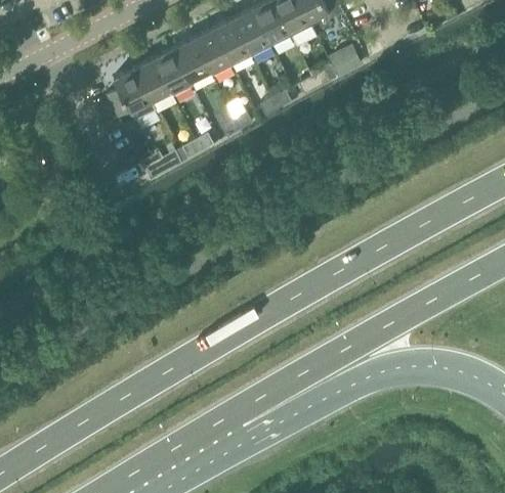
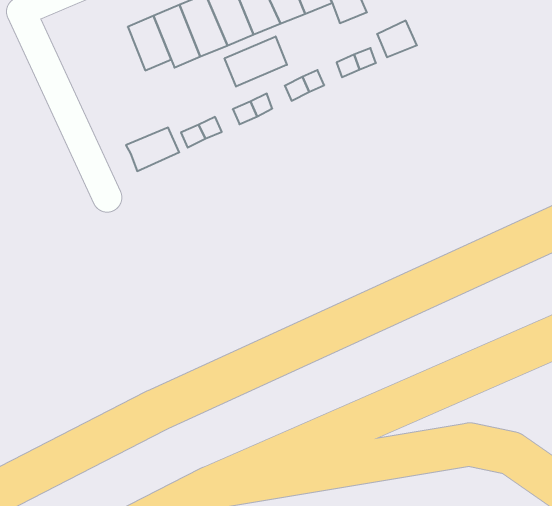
building: none -> [225,36,287,87]
building: [109,69,157,121] -> none

